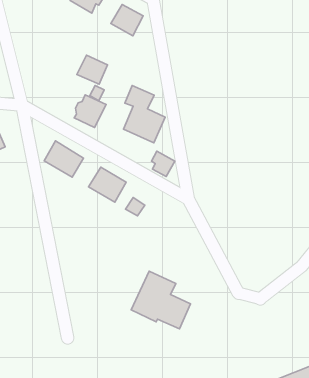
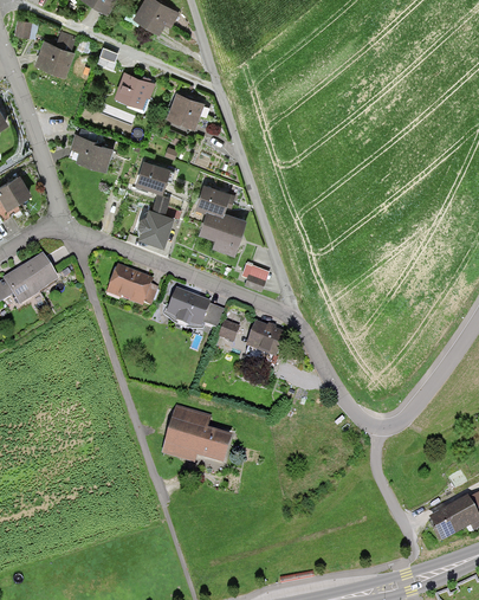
building: none -> [71,135,111,169]
building: none -> [246,324,286,360]
building: [131,271,191,329] -> [160,406,231,471]

